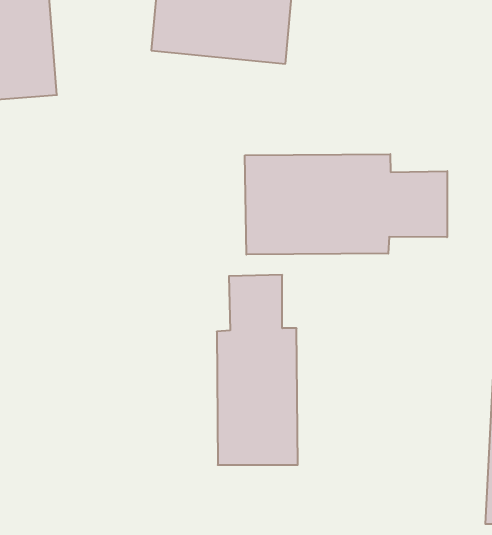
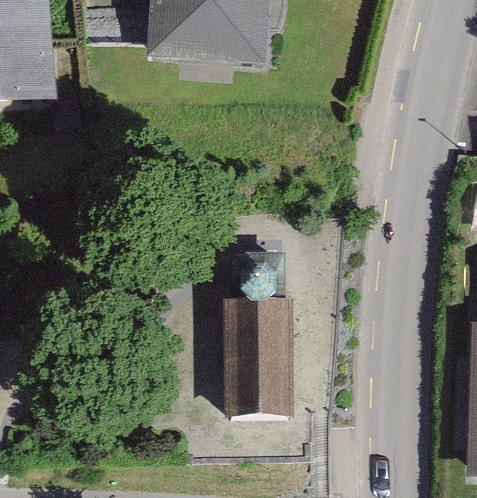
building: [245,154,447,255] -> none

